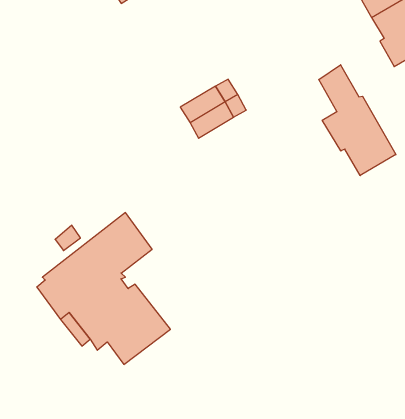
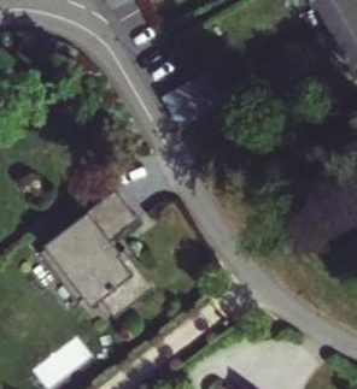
building: [319,65,396,176] -> none

